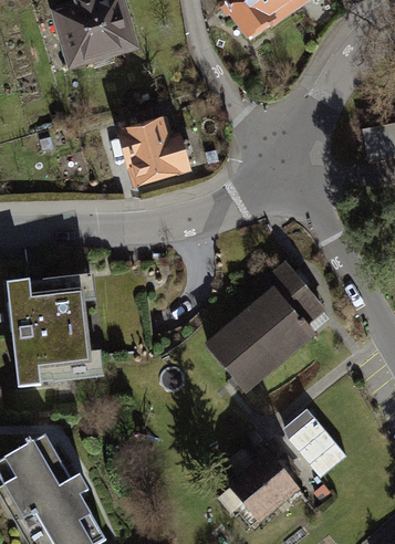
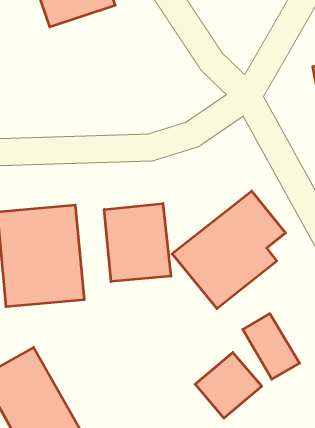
building: [115,113,191,182] -> none
building: none -> [104,203,171,282]

